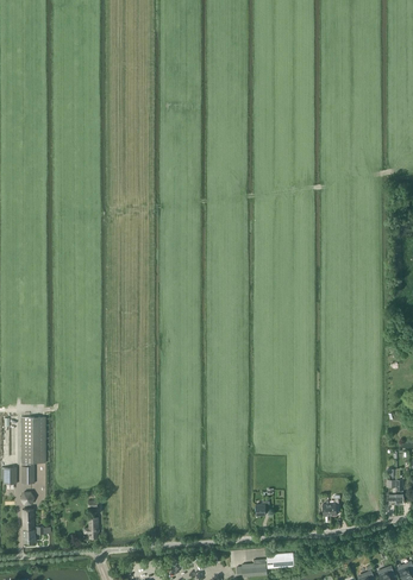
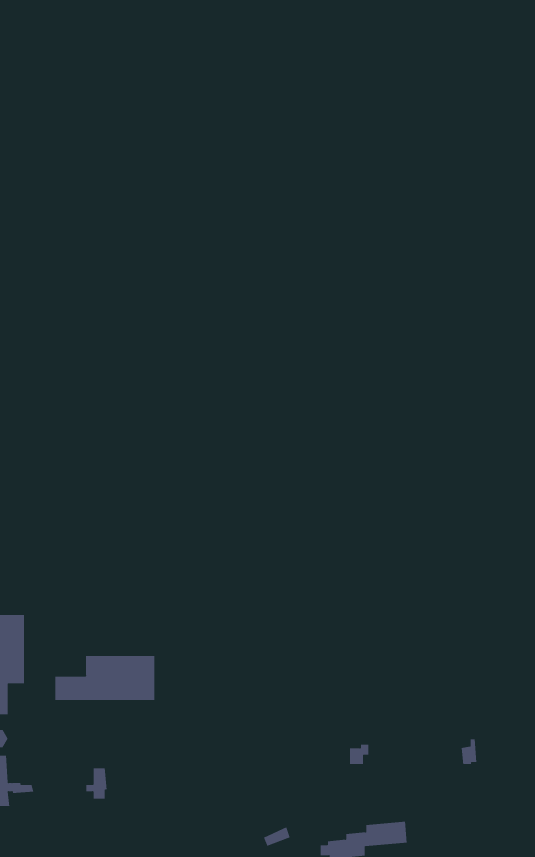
building: none -> [55,655,155,701]

